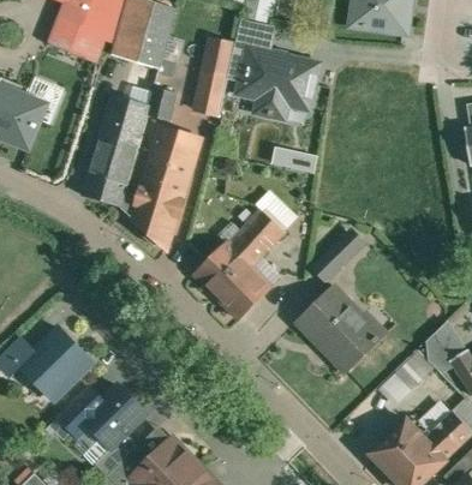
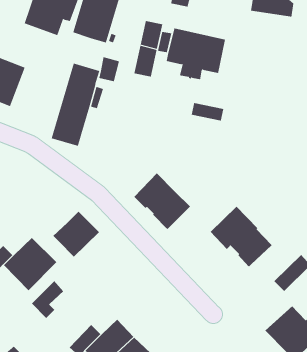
building: [237,20,276,49] -> none
building: [121,126,201,249] -> none
building: [219,209,283,267] -> none
building: [313,238,357,287] -> none
building: [83,384,147,447] -> [52,211,100,257]

